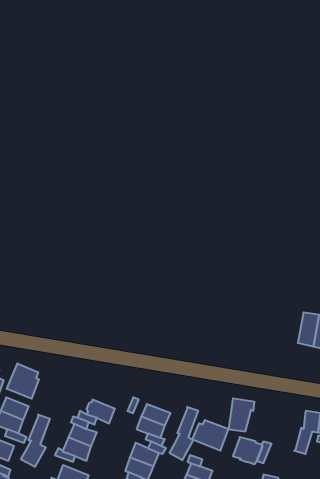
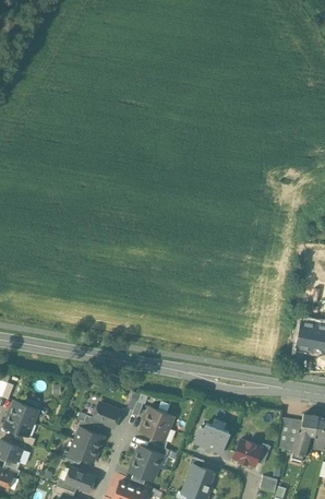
building: [7,363,39,399] -> none
building: [228,398,255,431] -> [277,420,302,452]
building: [170,407,198,460] -> none
building: [21,414,50,467] -> none

